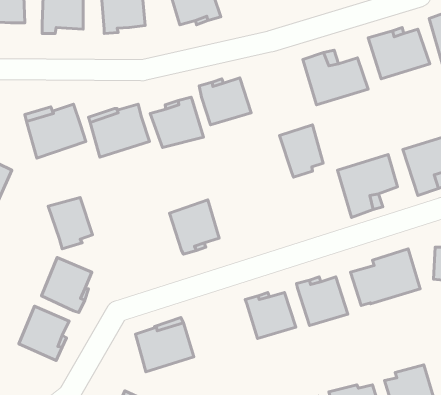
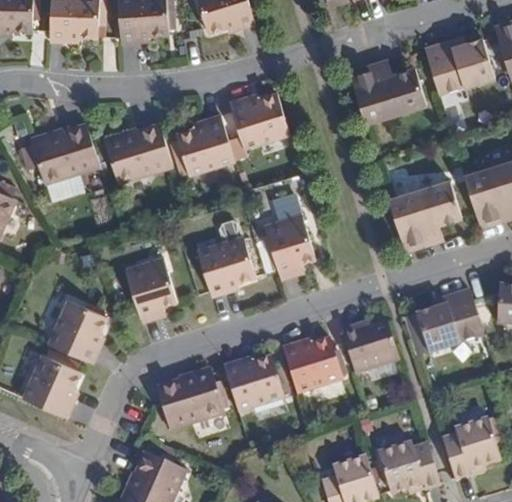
building: [280,125,323,177] -> [264,214,314,274]
building: [48,197,93,249] -> [125,258,176,317]
building: none -> [224,357,283,411]

